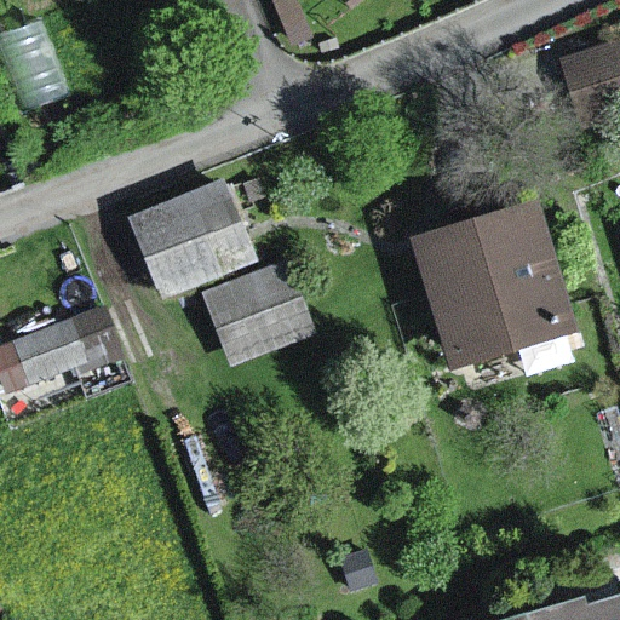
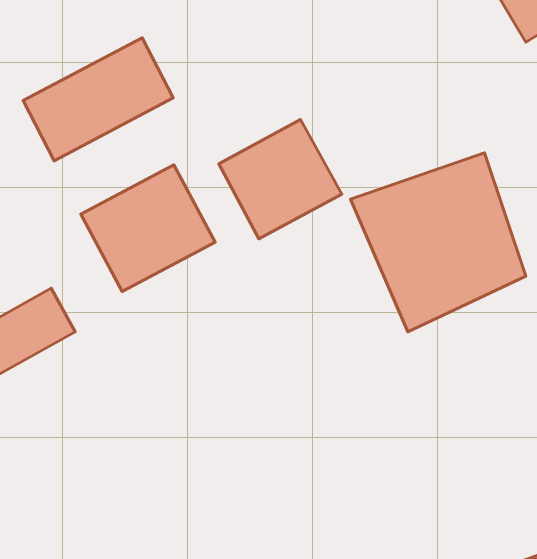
building: none -> [23,38,173,161]
building: [203,262,322,375] -> [219,120,342,239]

